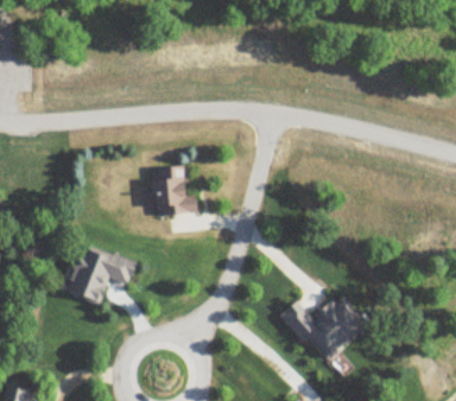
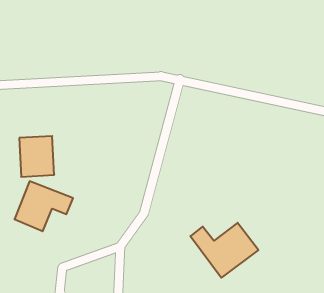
building: [152,165,196,216] -> [19,136,54,177]

